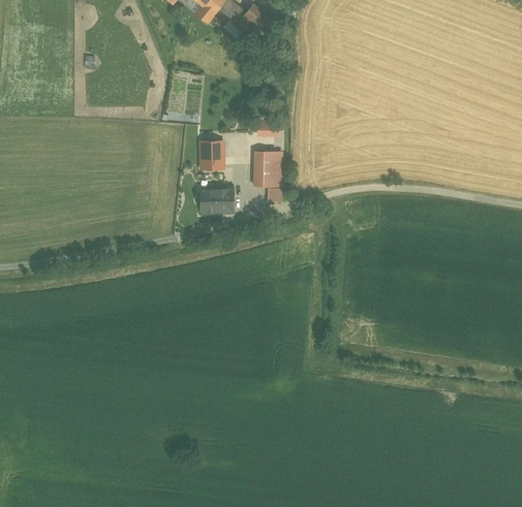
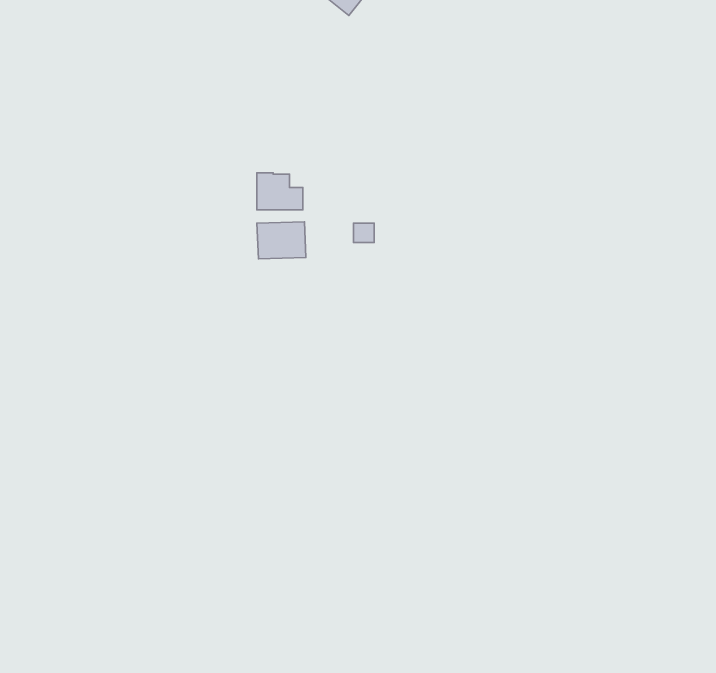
building: [254,150,277,185] -> none

